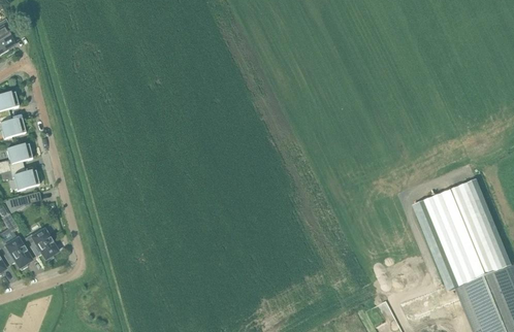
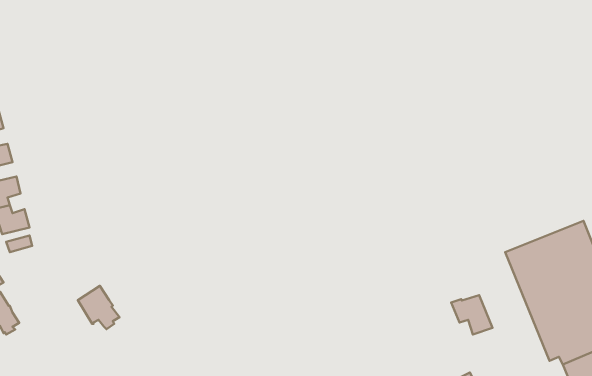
building: [24,226,57,260] -> [78,286,120,329]
building: none -> [451,295,492,335]

